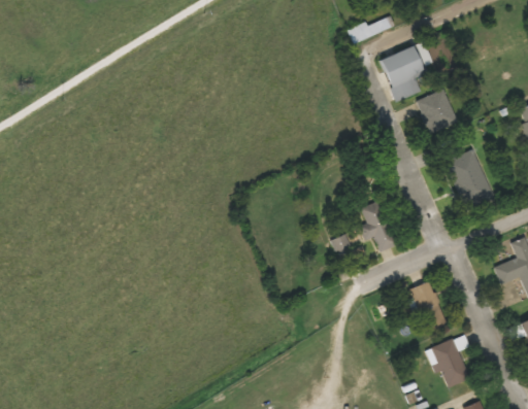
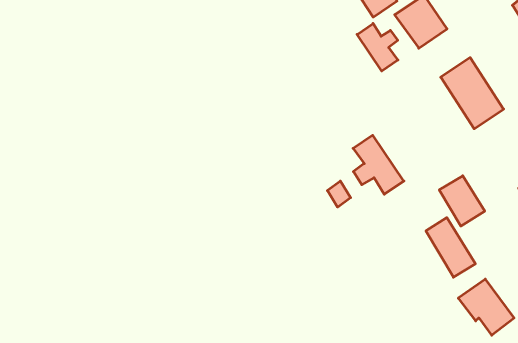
building: none -> [357,23,398,71]
building: none -> [439,176,485,226]

